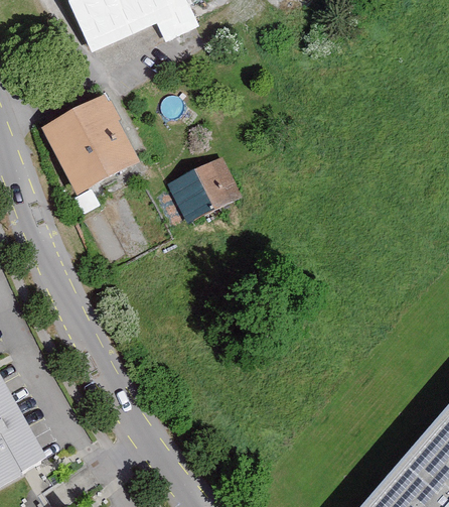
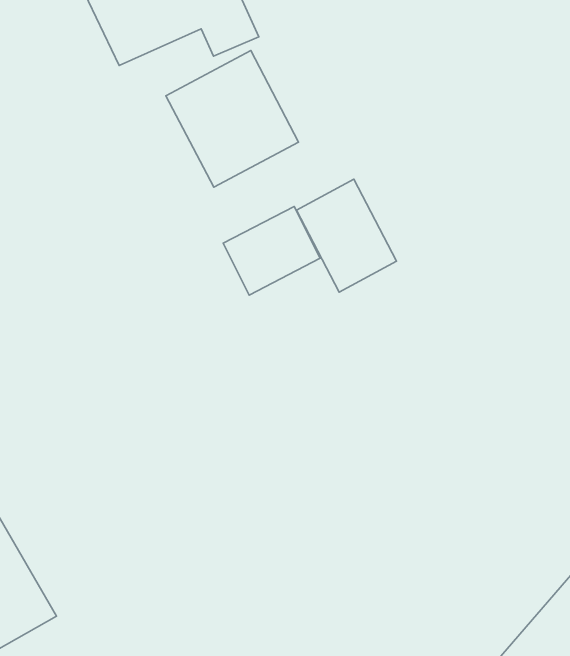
building: [41,96,139,197] -> [166,51,299,187]
building: none -> [296,179,396,292]

